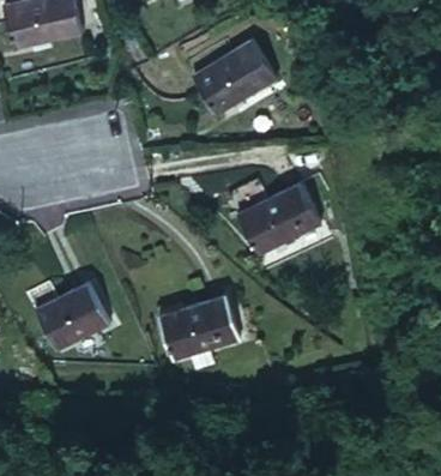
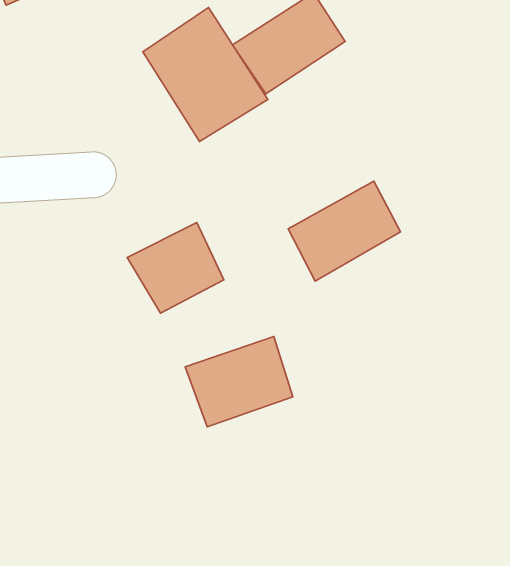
building: none -> [143,7,268,141]
building: [32,284,105,353] -> [127,223,224,313]

